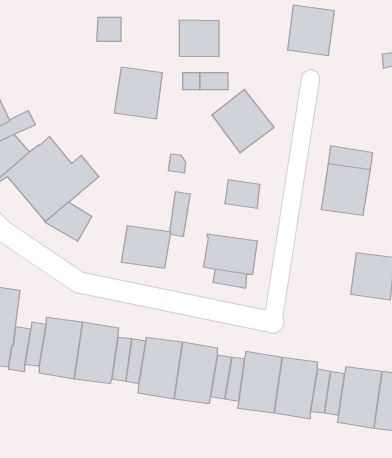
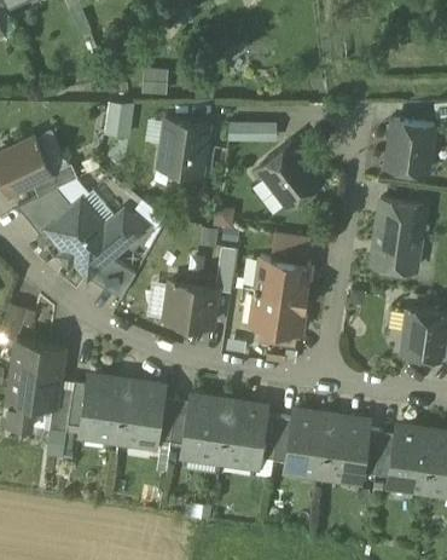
building: [287,5,334,56] -> [387,121,435,173]
building: [180,20,219,57] -> none
building: none -> [106,103,134,137]
building: none -> [255,258,312,298]

